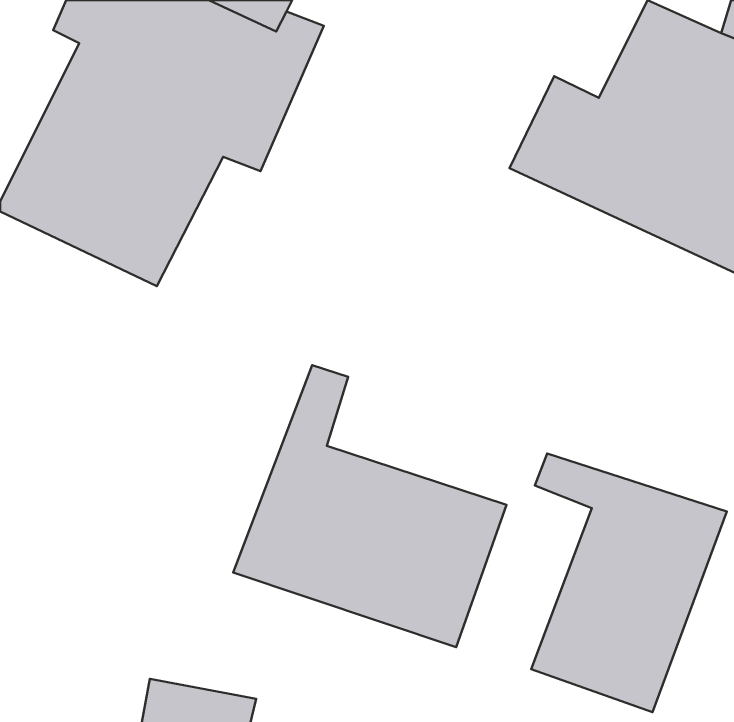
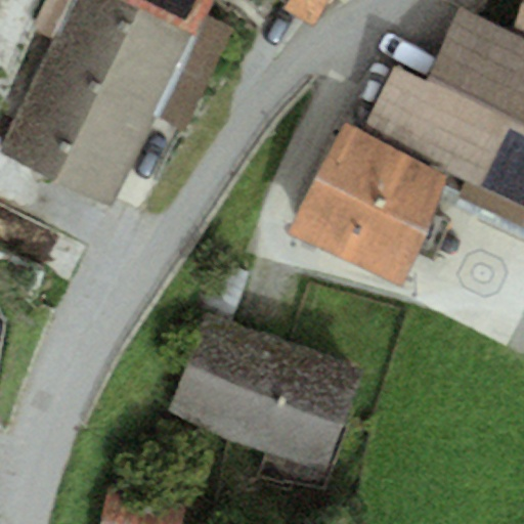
building: none -> [289,121,446,280]
building: [531,453,727,712] -> none

